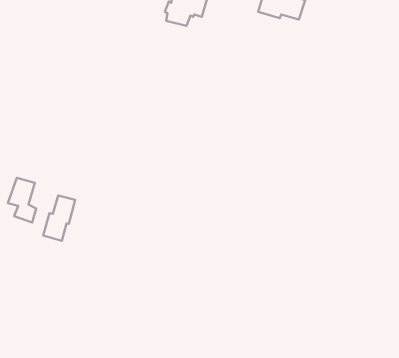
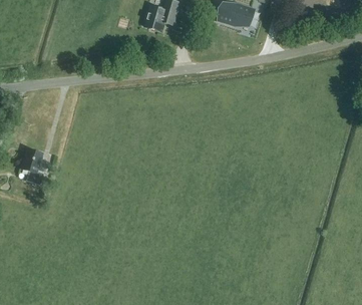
building: [43,196,75,241] -> none

